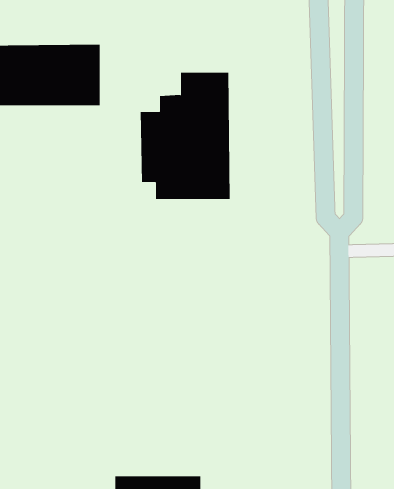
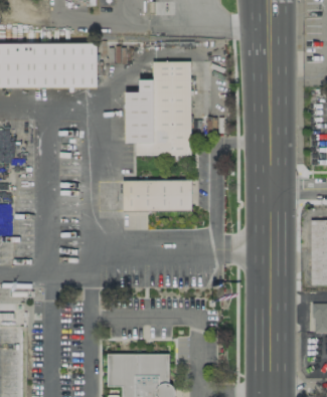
building: none -> [123,181,191,211]

